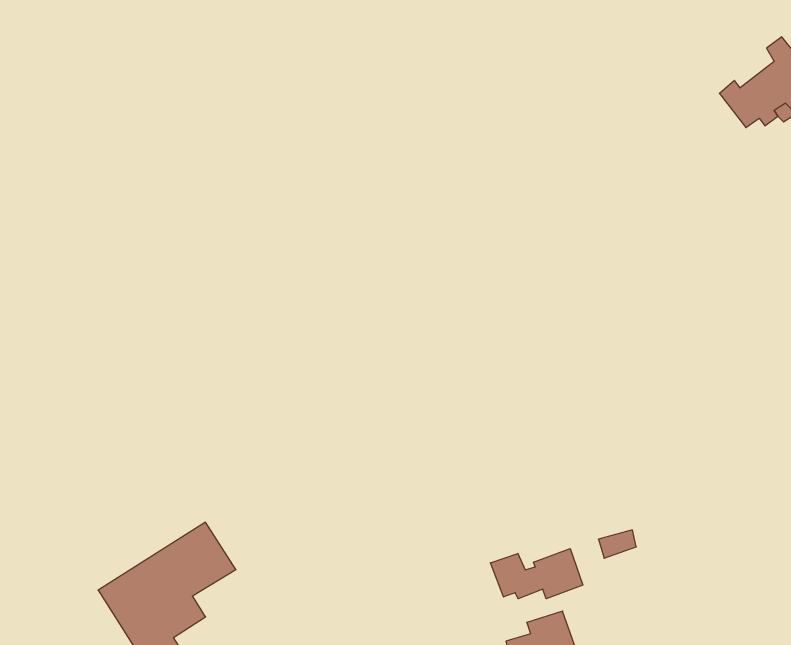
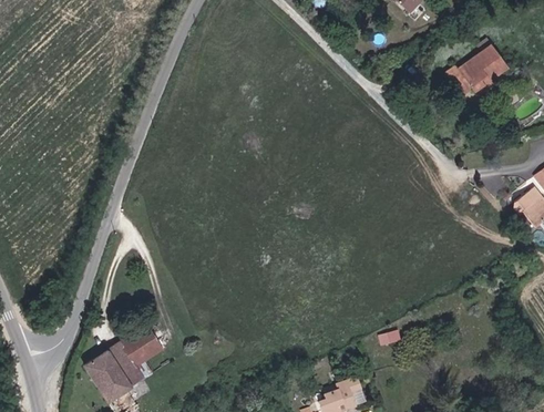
building: [490,549,583,599] -> none

